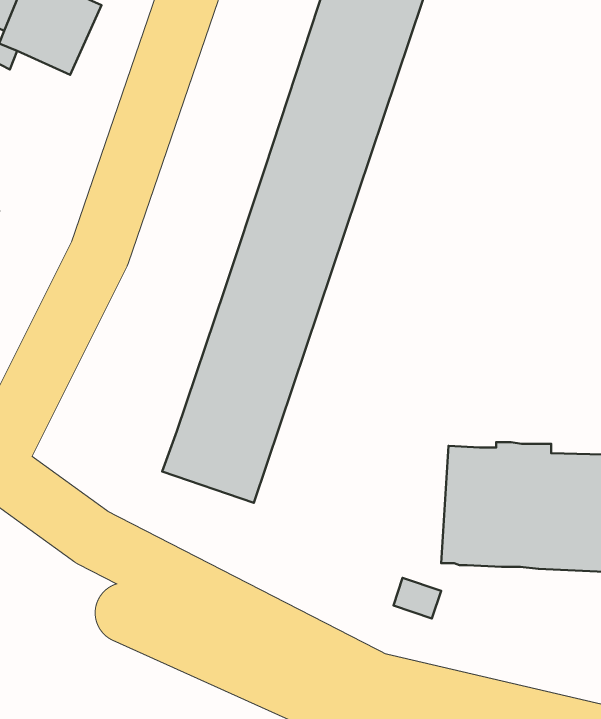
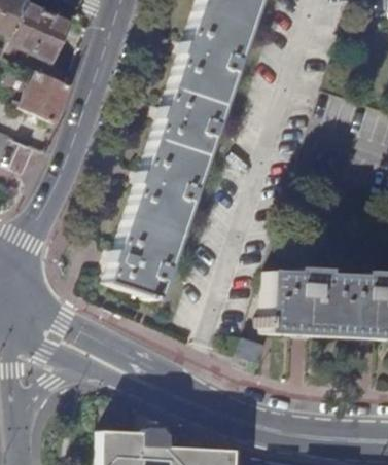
building: none -> [24,72,72,126]

